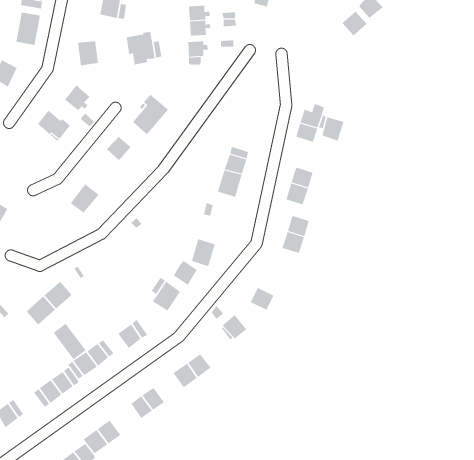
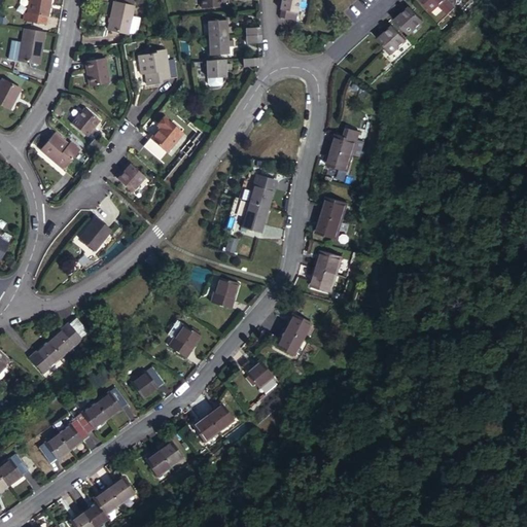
building: [322,116,344,141] -> none
building: [173,260,198,286] -> none
building: none -> [284,313,311,340]
building: [53,323,86,360] -> none

